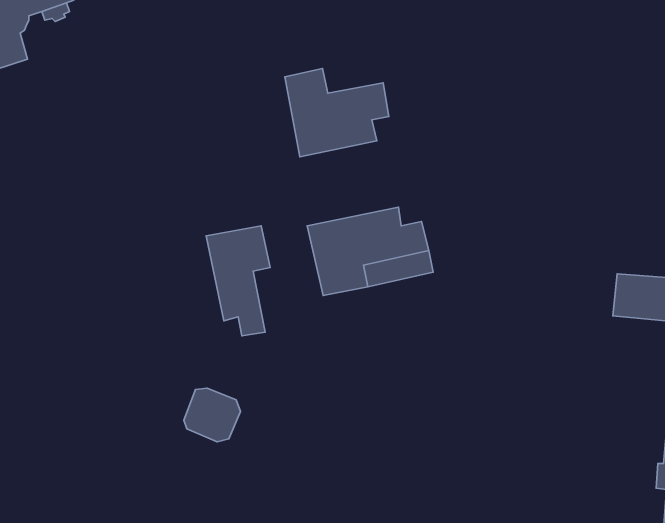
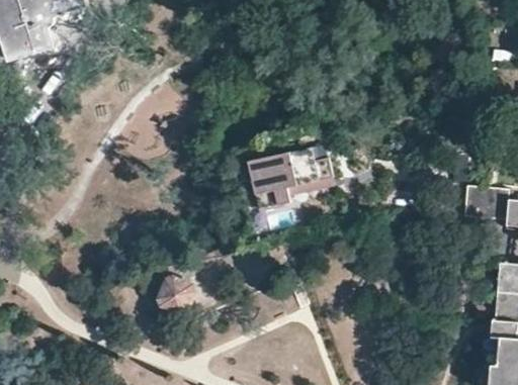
building: [285,69,389,157] -> none
building: [206,226,270,336] -> none

